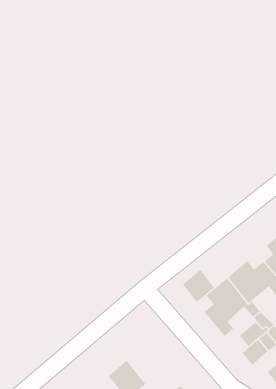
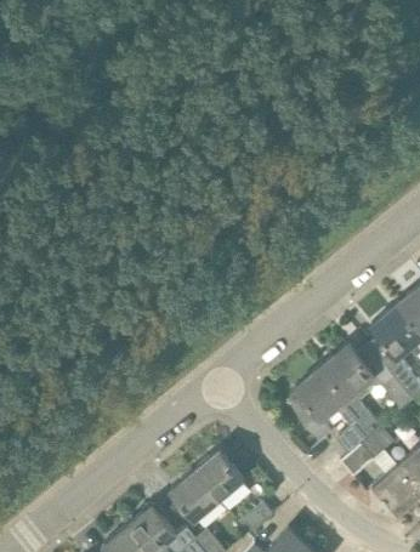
building: [182,269,215,303] -> none
building: none -> [194,451,243,501]

